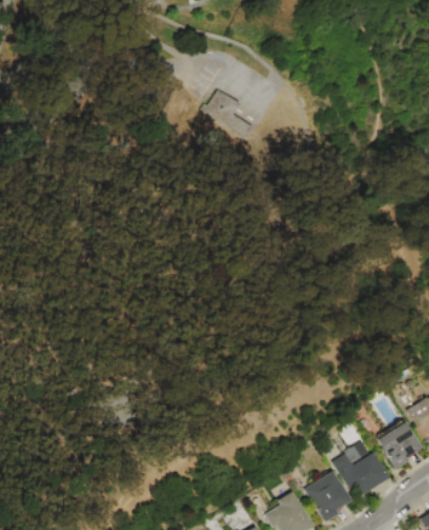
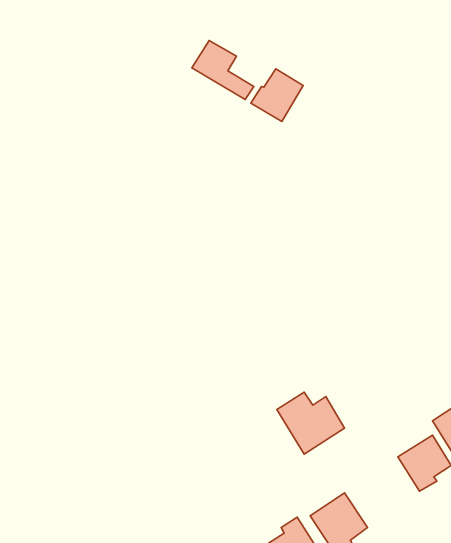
building: none -> [251,69,303,121]
building: [332,446,389,498] -> [277,392,344,454]

